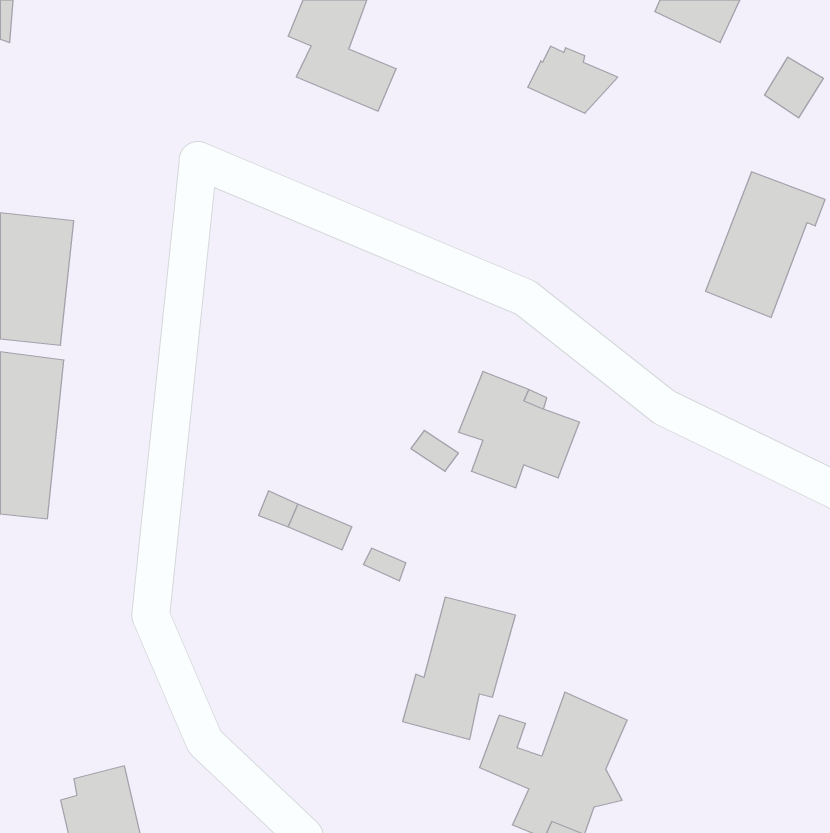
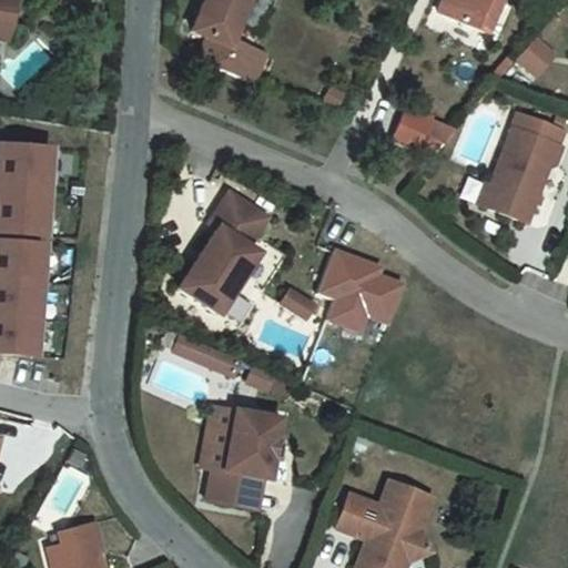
building: [528,46,618,113] -> [395,104,456,150]
building: none -> [182,196,270,315]
building: [403,597,516,740] -> [204,403,281,499]

